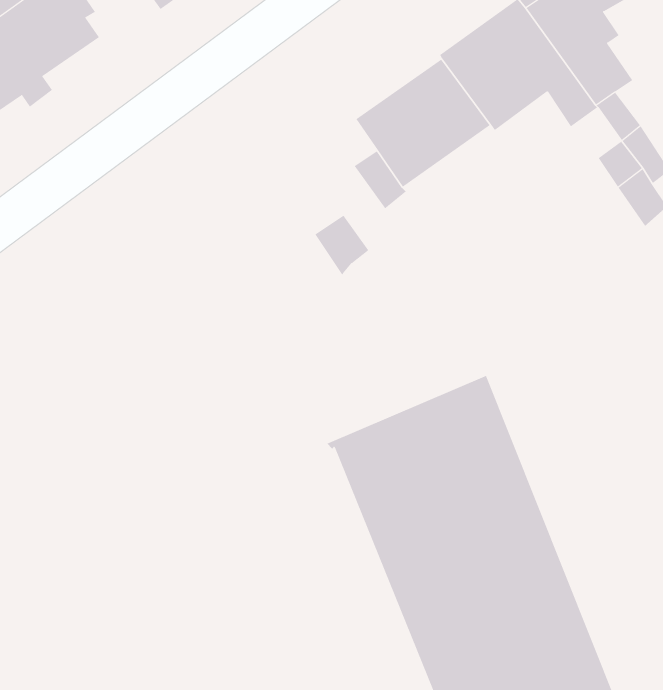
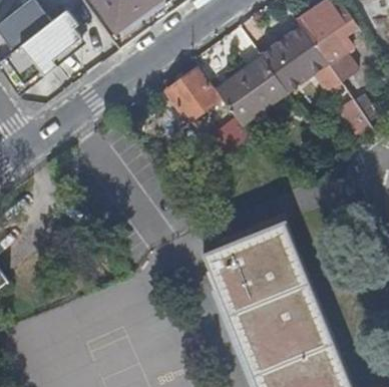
building: none -> [164,67,220,121]

